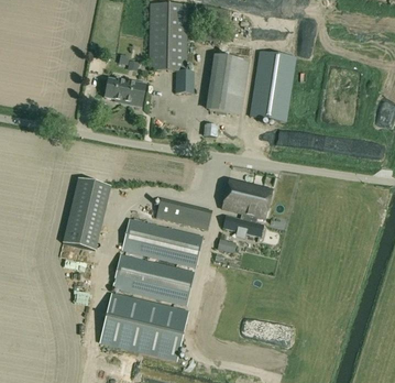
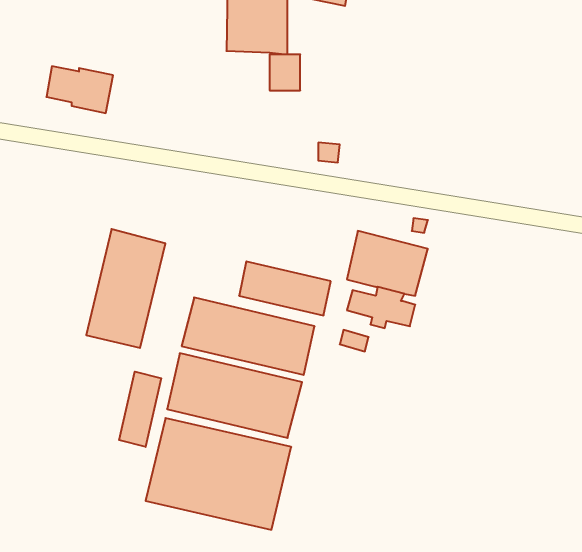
building: [250,51,296,121] -> none
building: [206,54,249,114] -> none
building: [105,78,145,107] -> [46,66,113,113]
building: none -> [119,372,161,447]

